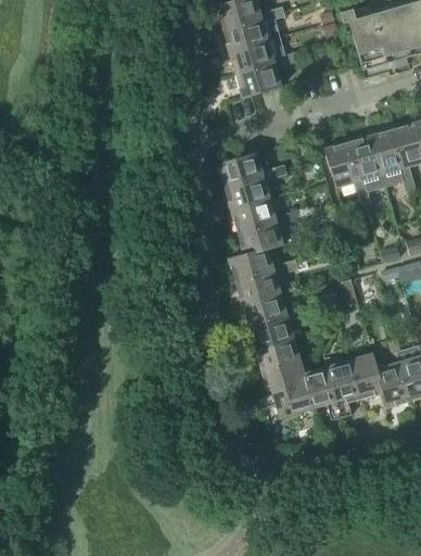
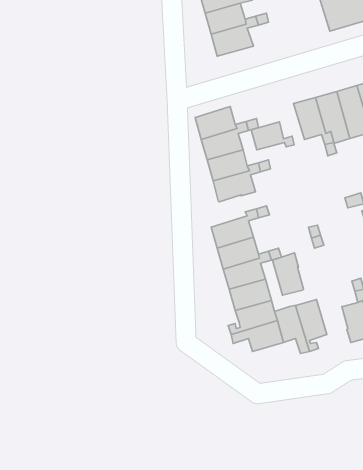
building: none -> [251,122,294,150]
building: [229,245,275,280] -> none
building: [349,351,383,396] -> [273,253,304,295]

